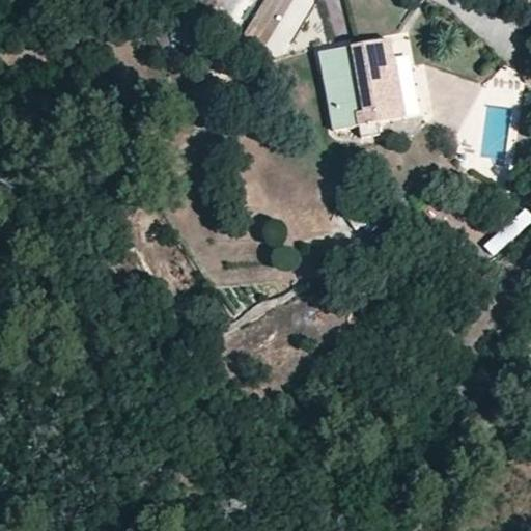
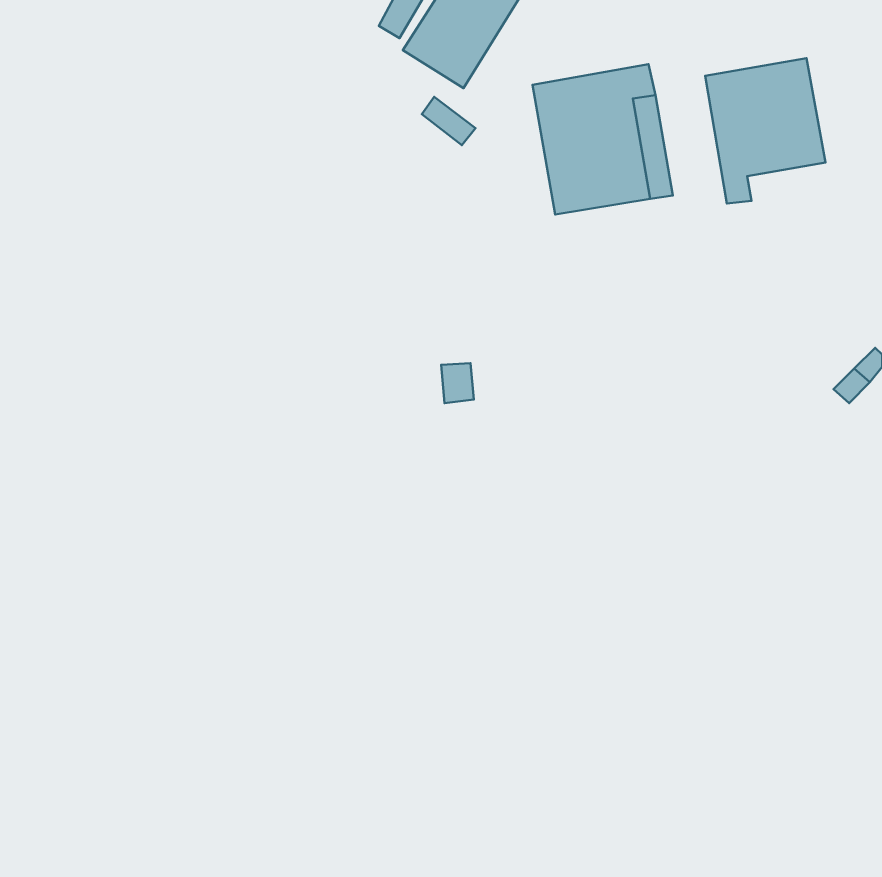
building: none -> [705,58,825,204]

